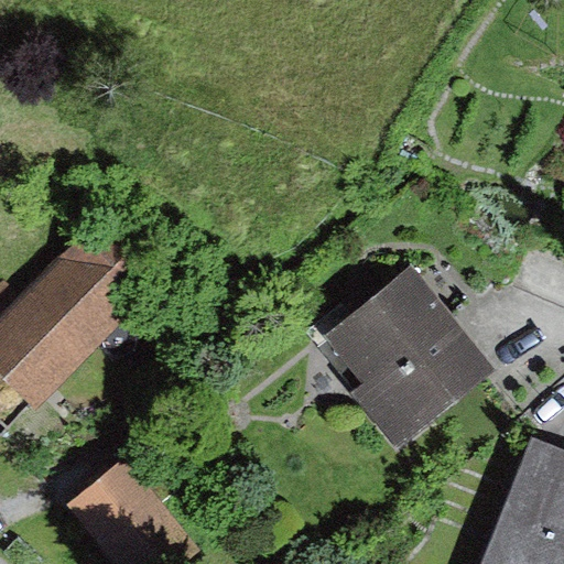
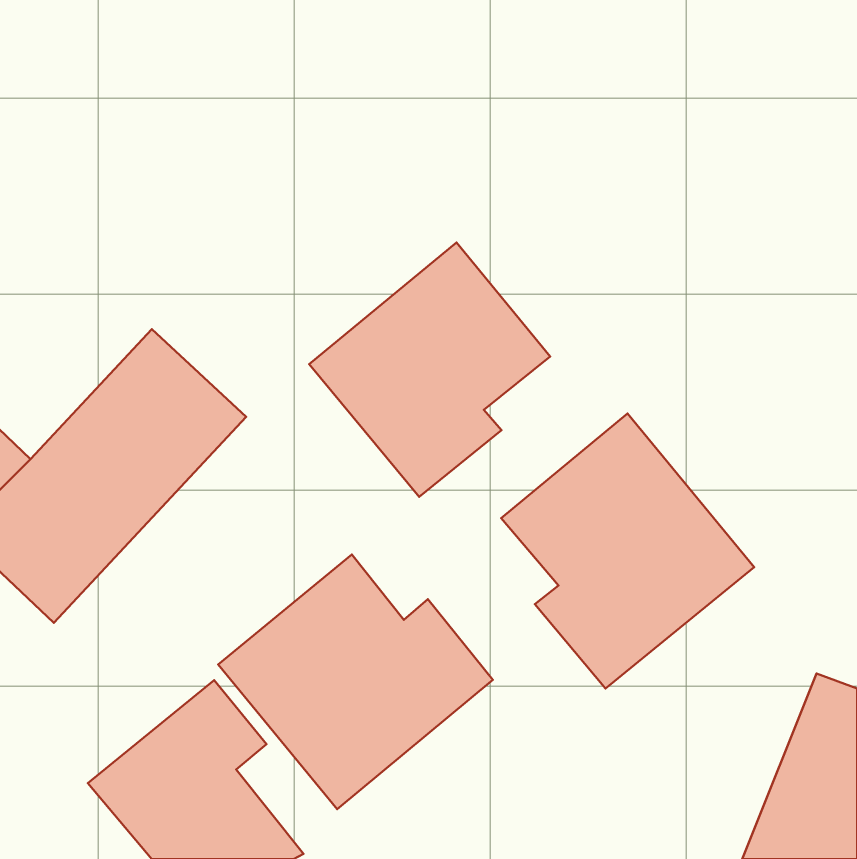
building: none -> [309,243,550,497]
building: none -> [218,555,493,809]

